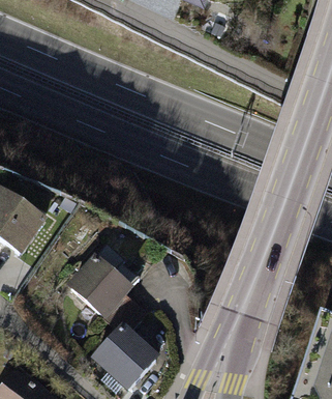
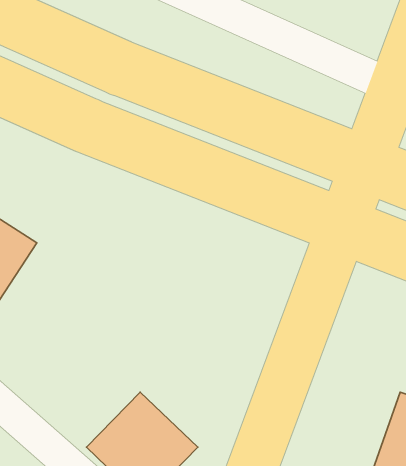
building: [72,249,140,316] -> none

